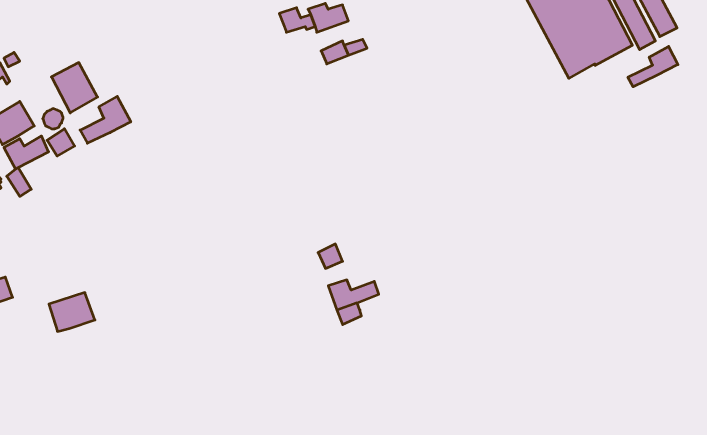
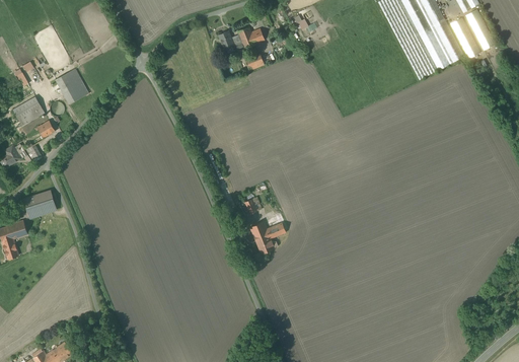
building: [628,46,678,87] -> none
building: [80,96,131,143] -> none
building: [49,293,95,331] -> [24,191,57,218]

